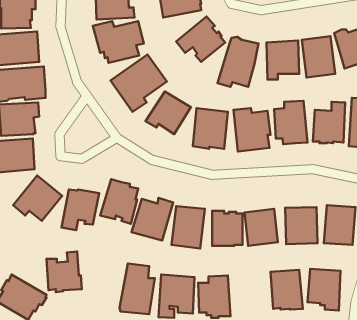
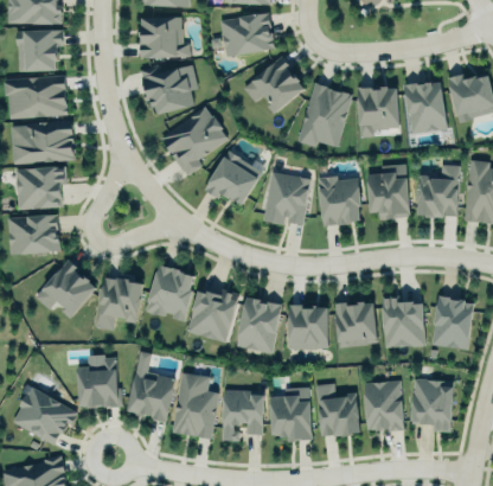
building: none -> [127,370,175,421]
building: none -> [314,383,360,436]

